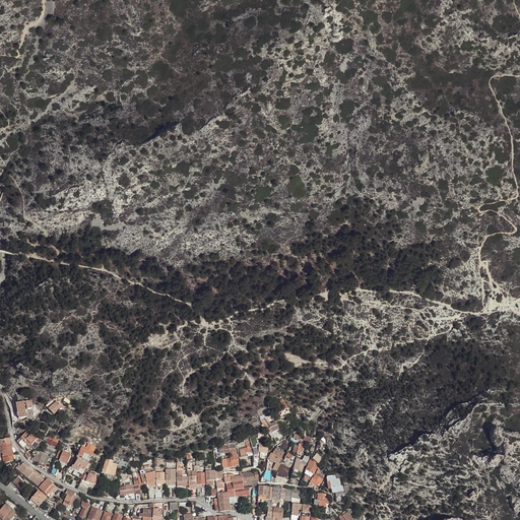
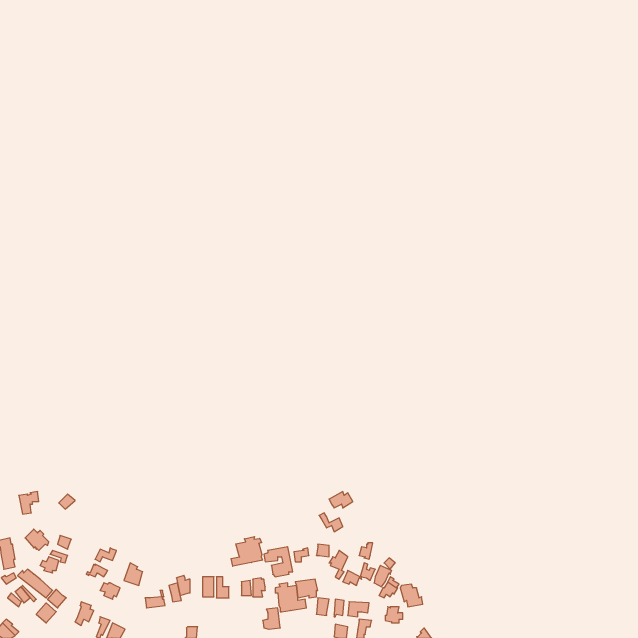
building: none -> [231,537,263,566]

